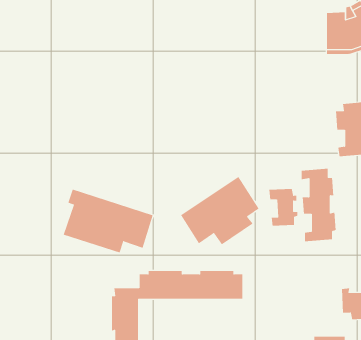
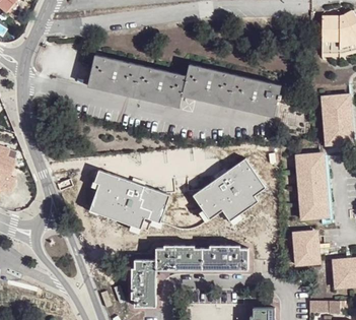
building: none -> [87,55,290,116]
building: [268,188,298,226] -> [293,232,319,265]

